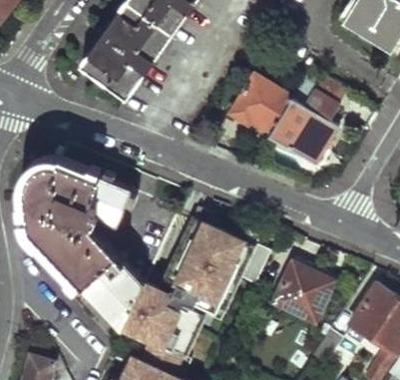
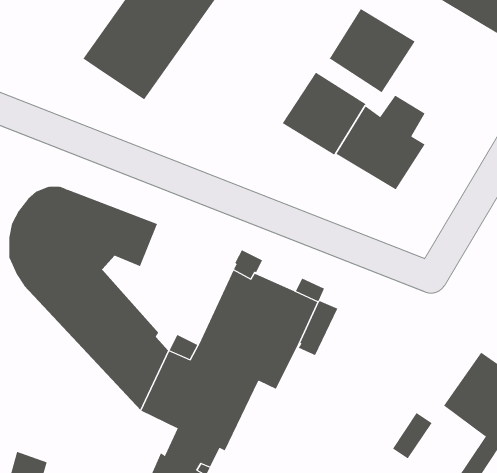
building: none -> [329,8,415,93]
building: [272,262,331,321] -> none

